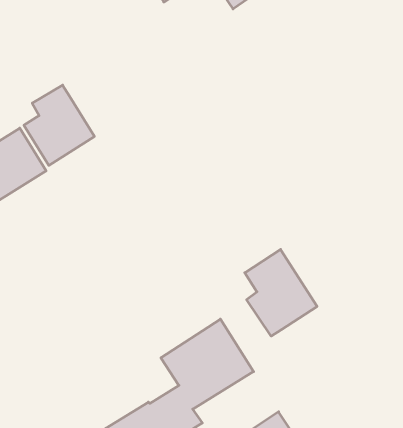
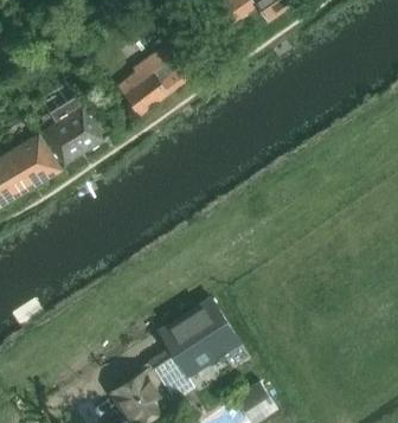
building: none -> [118,40,194,114]
building: [245,249,317,336] -> none

